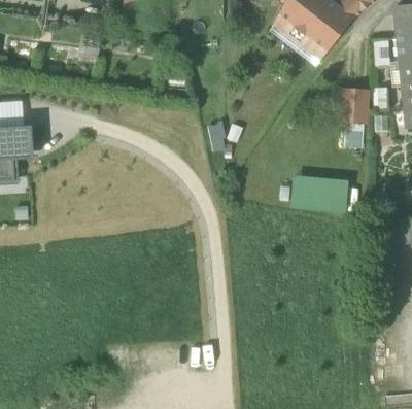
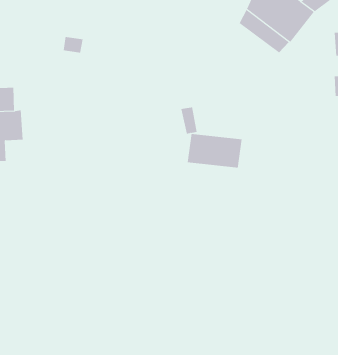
building: [341,89,370,125] -> none
building: [290,175,351,213] -> [187,133,242,168]

